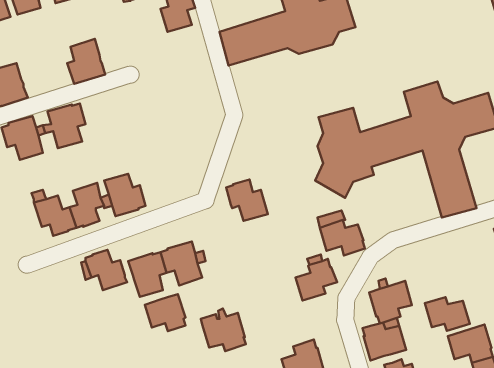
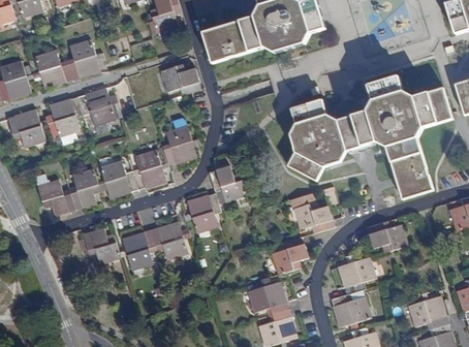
building: none -> [31,50,72,88]
building: none -> [159,63,199,93]
building: none -> [77,87,117,126]
building: none -> [162,115,196,164]
building: none -> [131,149,165,188]
building: none -> [186,192,220,231]
building: [145,294,186,331] -> none
building: [425,297,470,331] -> [367,220,407,250]
building: [201,308,246,351] -> [247,276,287,314]

